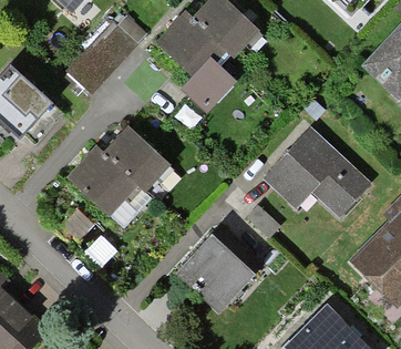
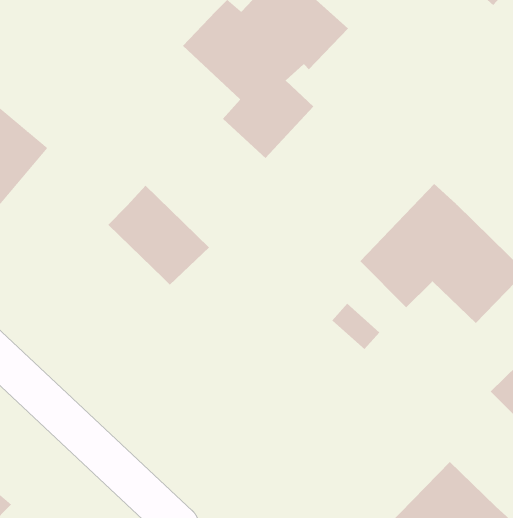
building: [71,17,142,90] -> none
building: [65,147,141,222] -> none
building: [178,233,255,309] -> none

